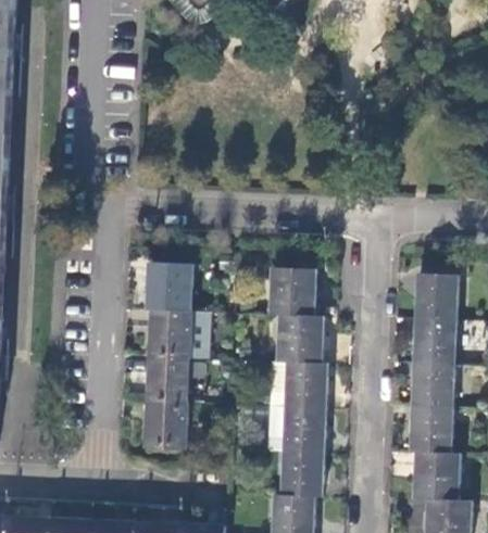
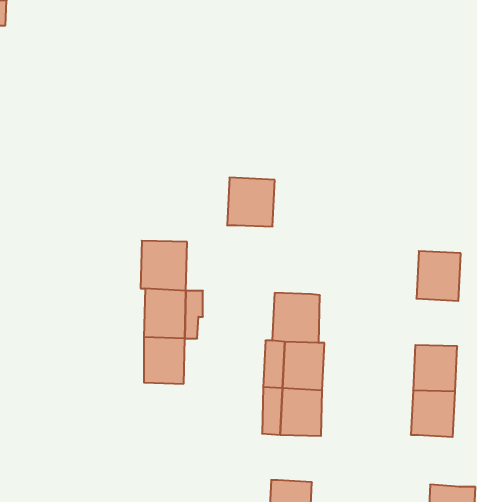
building: [268,268,314,315] -> [227,178,275,226]
building: [412,319,453,365] -> none
building: [150,399,190,465] -> none
building: [280,449,322,495] -> none
building: [412,449,456,499] -> none

